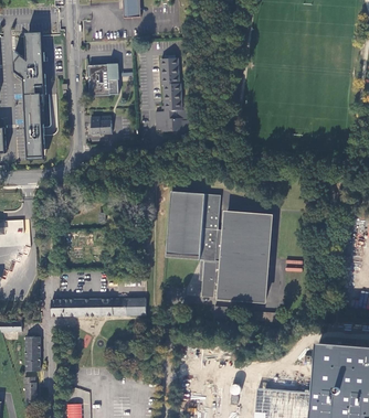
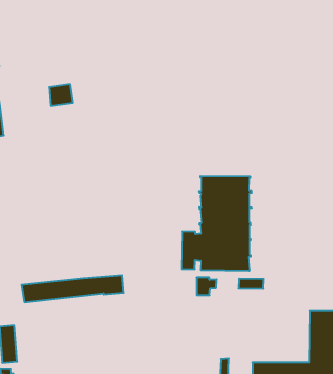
building: [155,57,186,131] -> none
building: [86,64,116,95] -> none
building: [166,191,223,260] -> none

